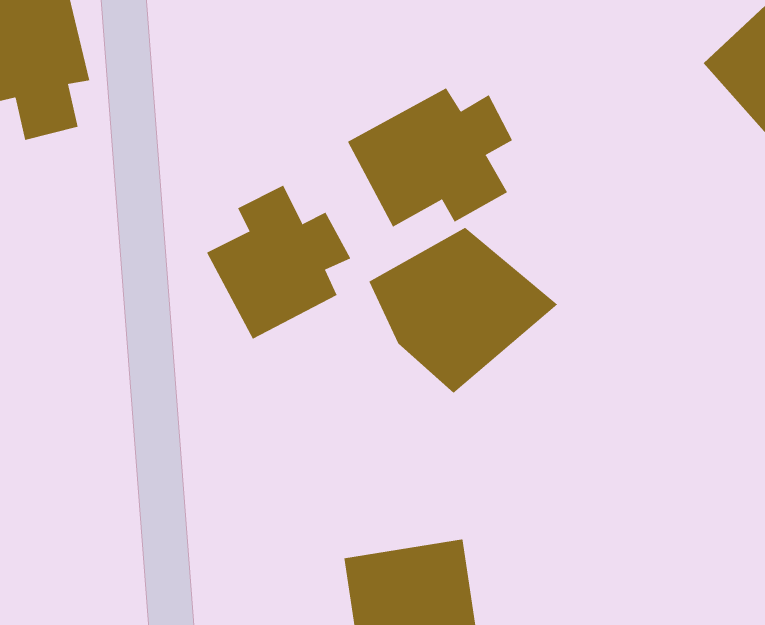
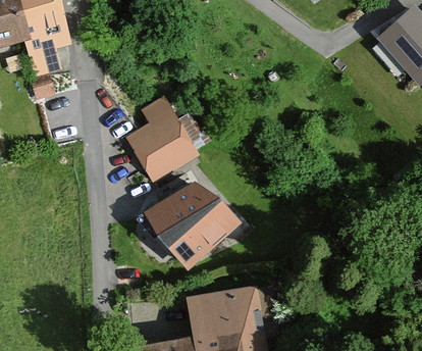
building: [347,88,513,228] -> none
building: [369,227,558,394] -> [146,186,246,273]

